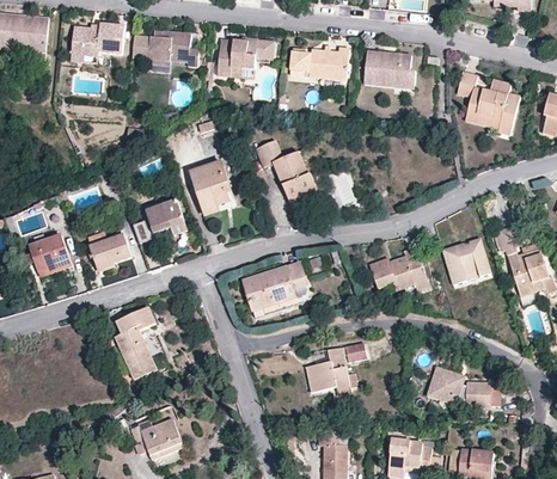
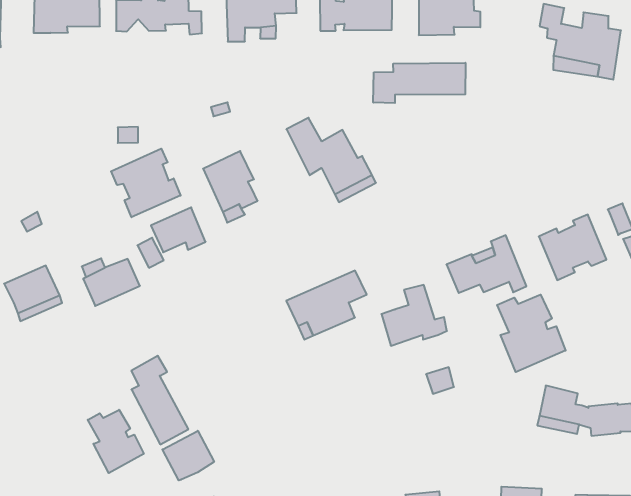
building: none -> [373,63,465,103]
building: none -> [111,149,181,217]
building: none -> [497,295,566,372]
building: [307,346,356,391] -> [381,285,447,346]
building: none -> [88,410,144,473]
building: none -> [162,431,214,480]

